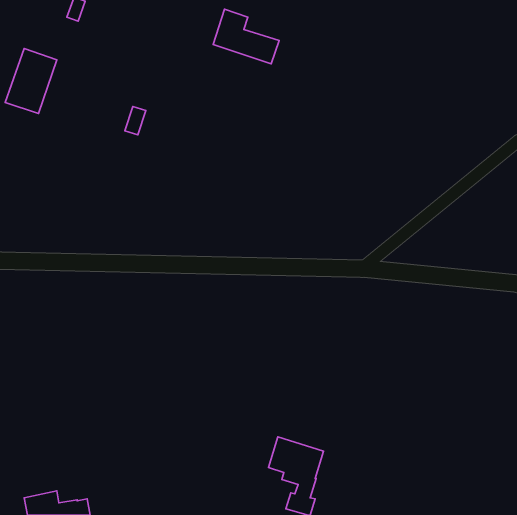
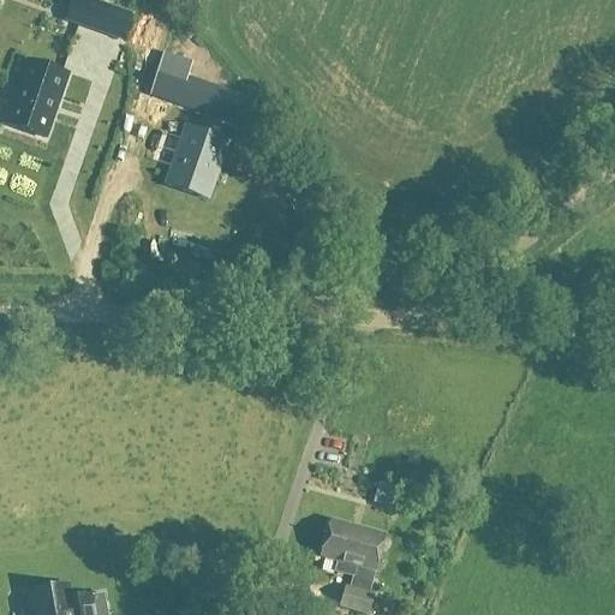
building: [213,9,279,64] -> [151,50,229,115]
building: none -> [166,124,229,198]

